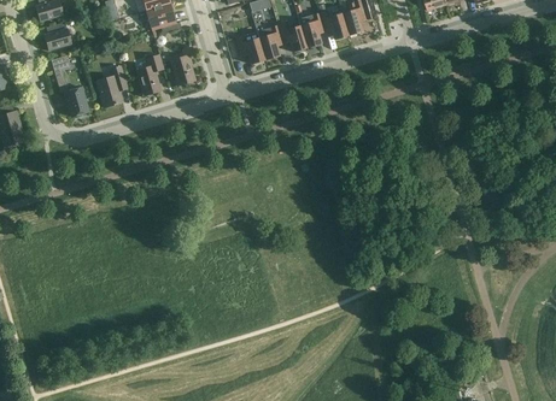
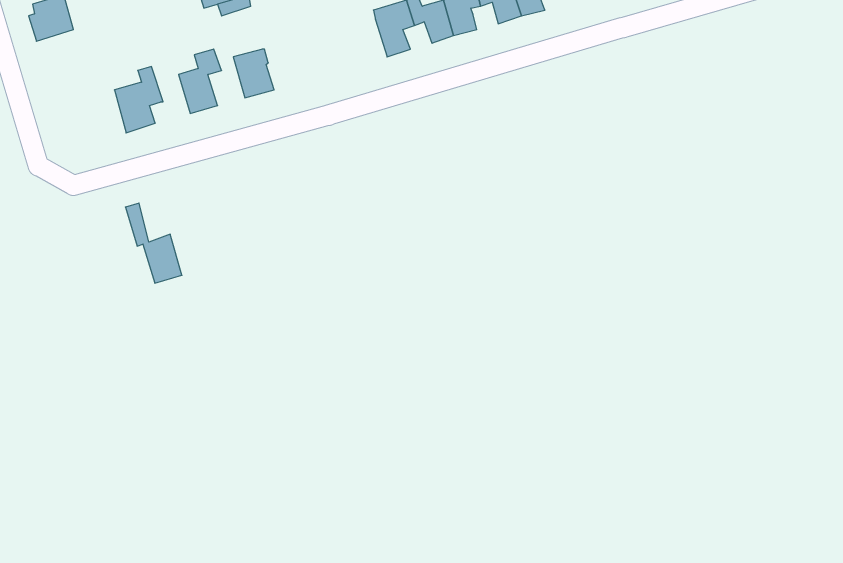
building: [235,30,265,63] -> none
building: [53,66,88,116] -> [125,203,182,283]

